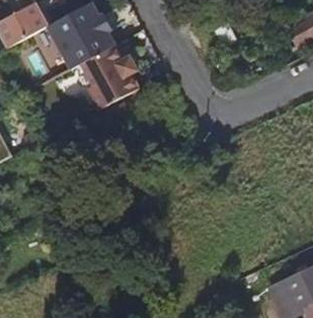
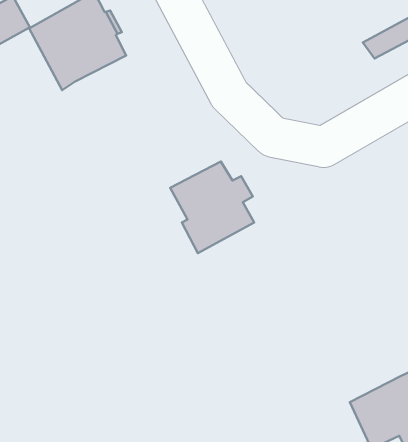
building: [80,45,139,108] -> [170,162,254,253]

